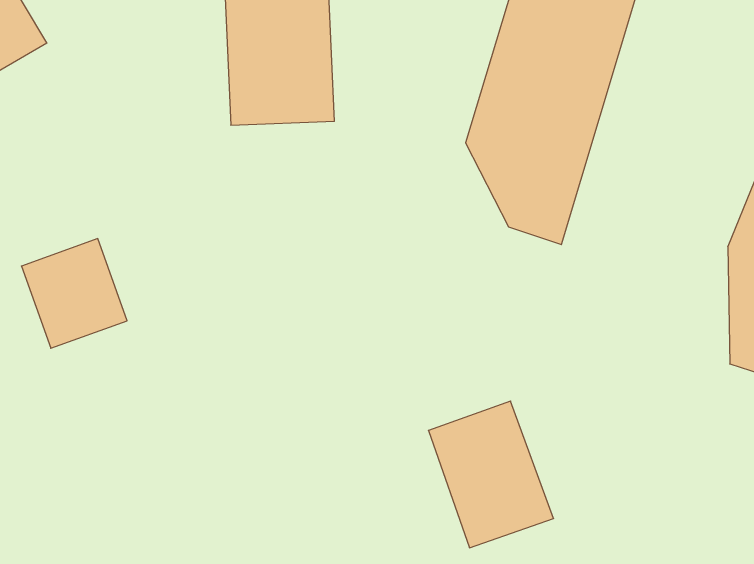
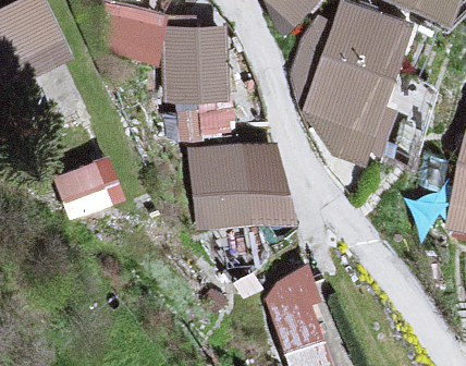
building: none -> [185,137,275,230]

